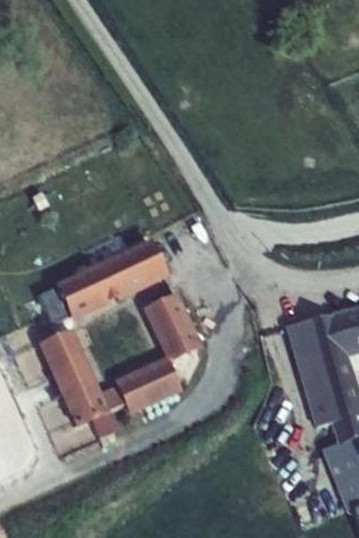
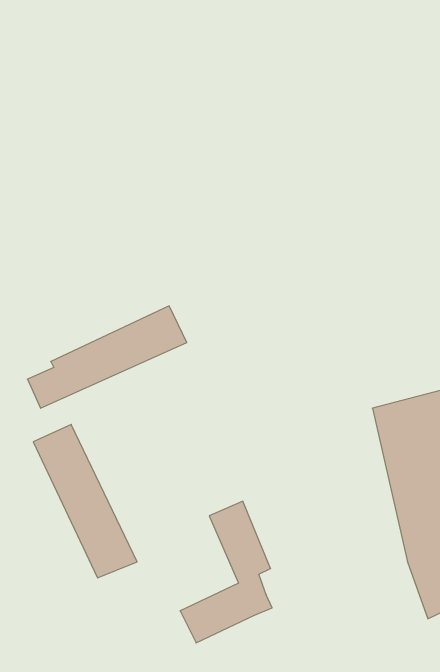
building: [121,293,191,401] -> [180,501,272,643]

